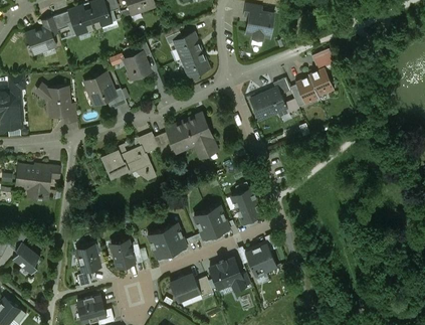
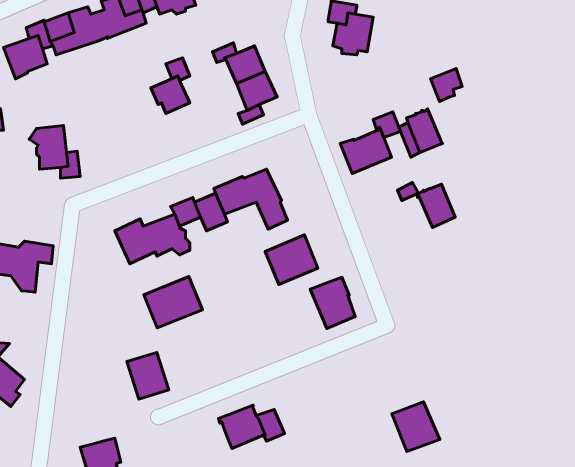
building: [308,67,334,97] -> [417,184,455,228]
building: [83,72,128,109] -> none
building: [194,205,229,238] -> [265,235,318,285]
building: [148,223,187,258] -> [144,277,202,328]
building: [245,242,277,276] -> [392,402,440,451]
building: [74,243,101,273] -> none
building: [210,258,242,290] -> none

